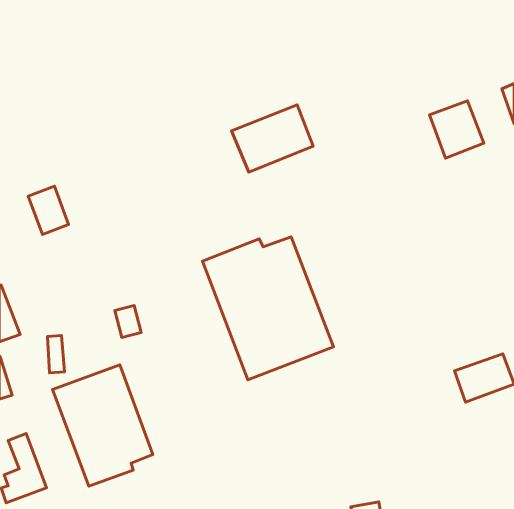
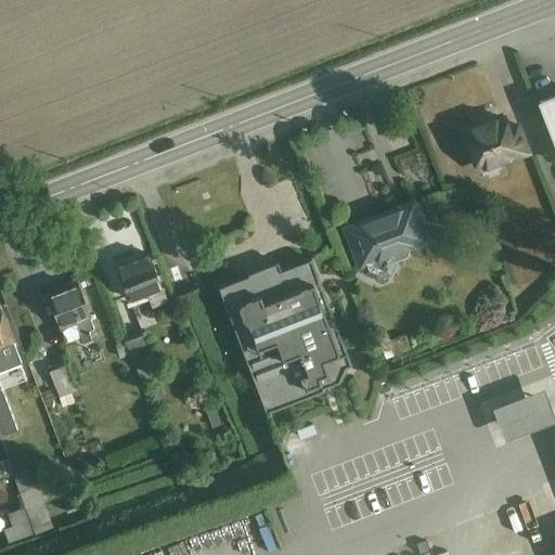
building: [232,105,313,172] -> [341,202,429,274]
building: [28,186,69,235] -> [49,283,92,335]
building: none -> [114,251,163,304]
building: [53,365,153,486] -> none

